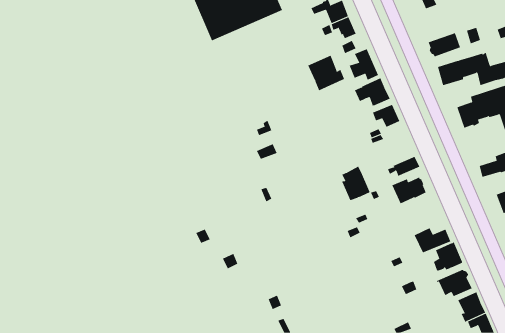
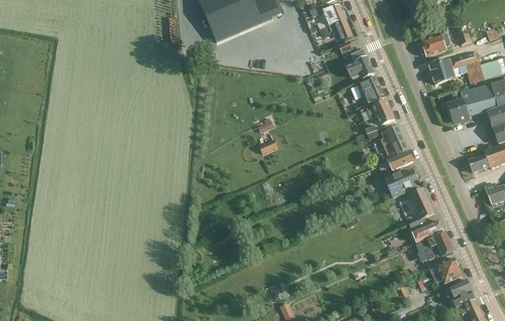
building: [307,55,345,91] -> none
building: [341,166,370,201] -> [381,124,408,157]
building: none -> [410,188,434,217]

